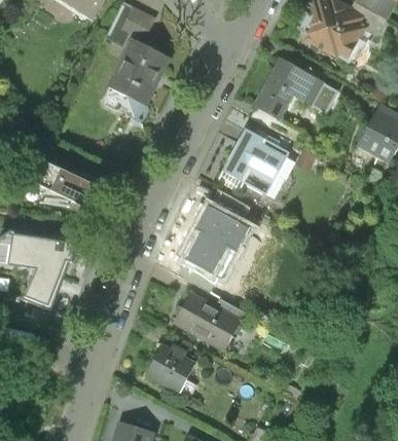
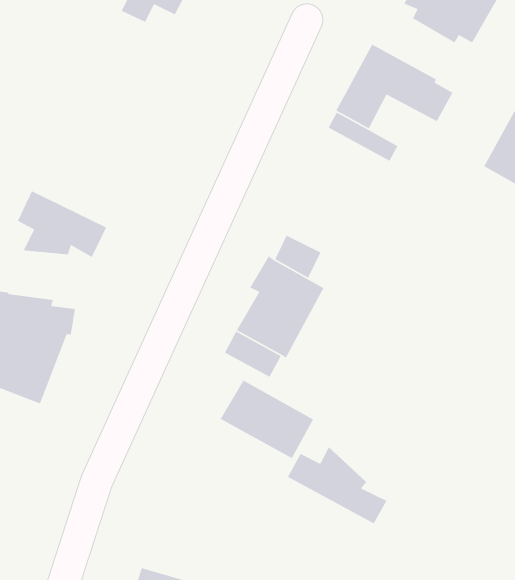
building: [102,38,169,120] -> none
building: [218,127,289,191] -> none
building: [144,337,192,392] -> none
building: none -> [287,446,388,525]

